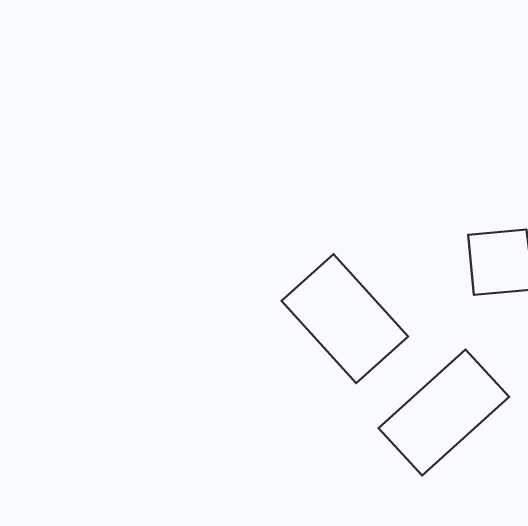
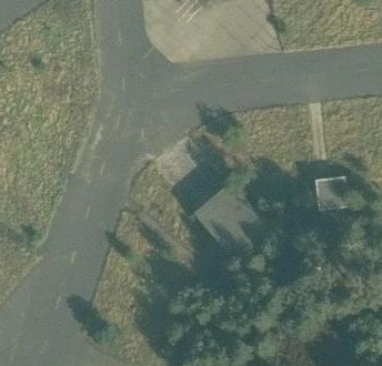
building: [379,349,509,476] -> none

